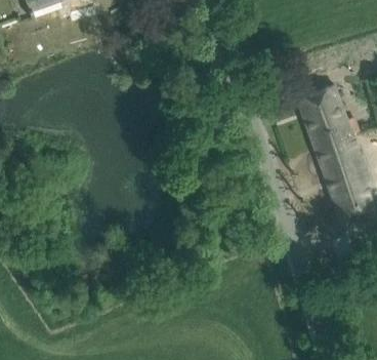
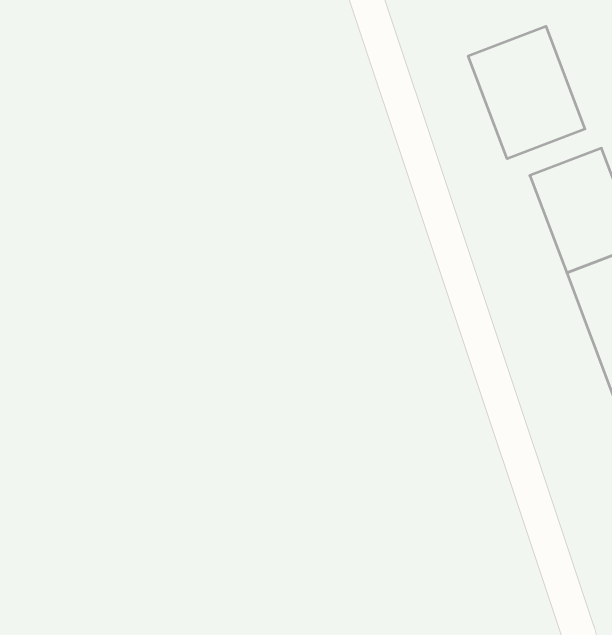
building: none -> [468,26,585,159]

